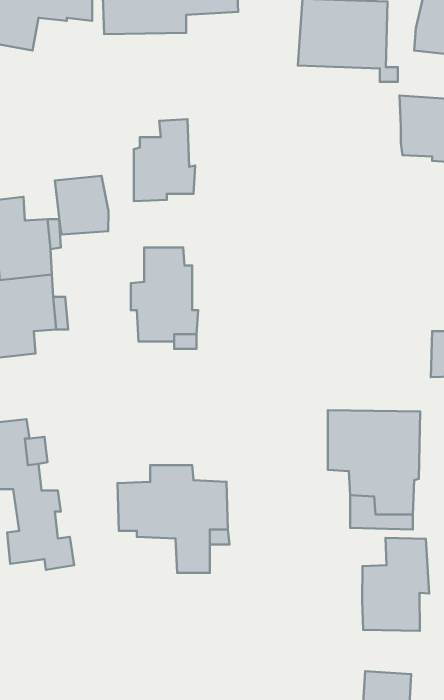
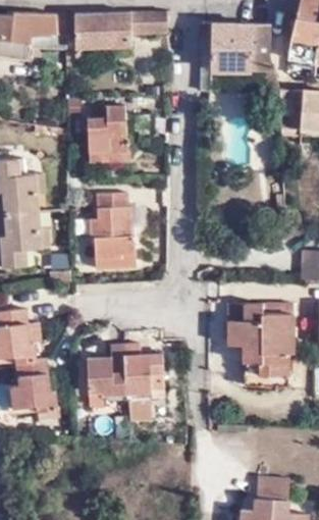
building: [55,176,108,234] -> none
building: [362,538,429,631] -> none

